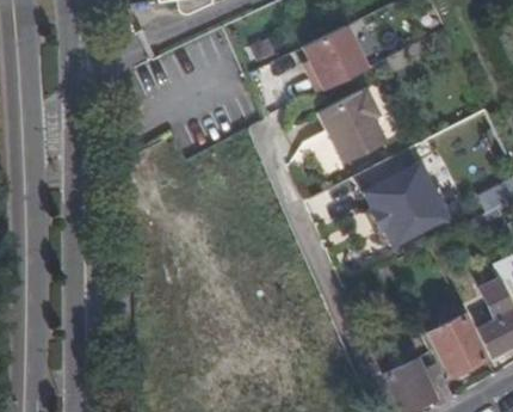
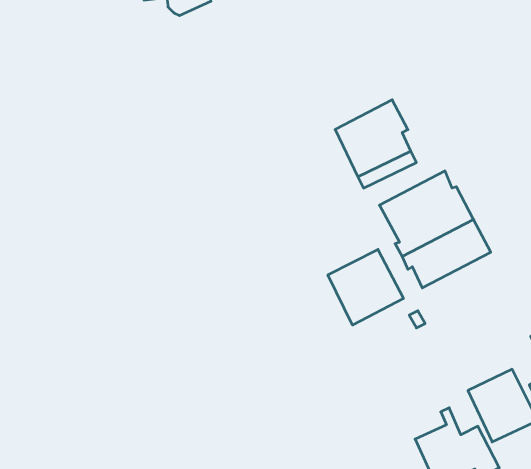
building: [304,24,371,92] -> none
building: none -> [328,249,403,325]

